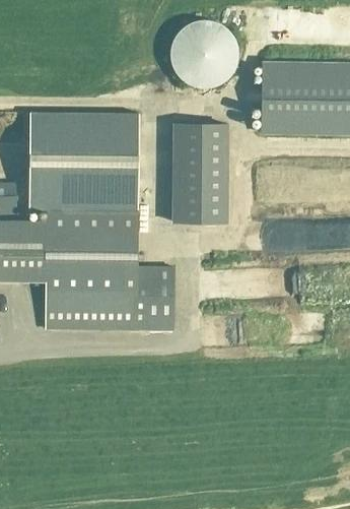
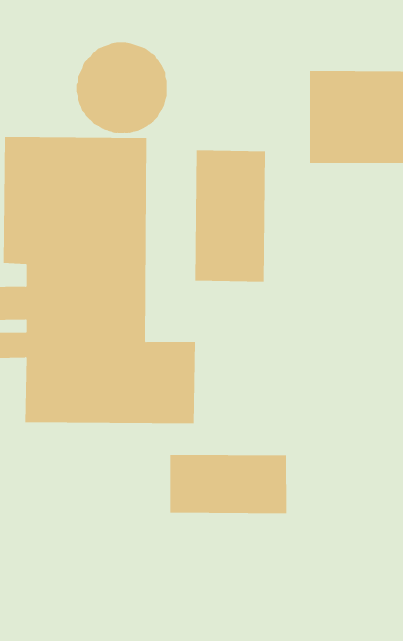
building: [171,18,240,87] -> [76,42,168,133]
building: none -> [170,454,287,514]

